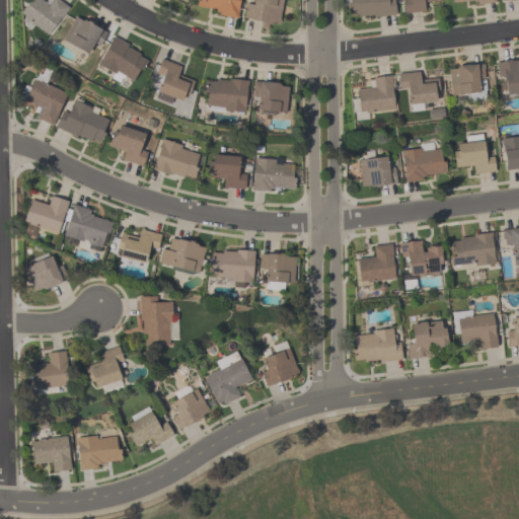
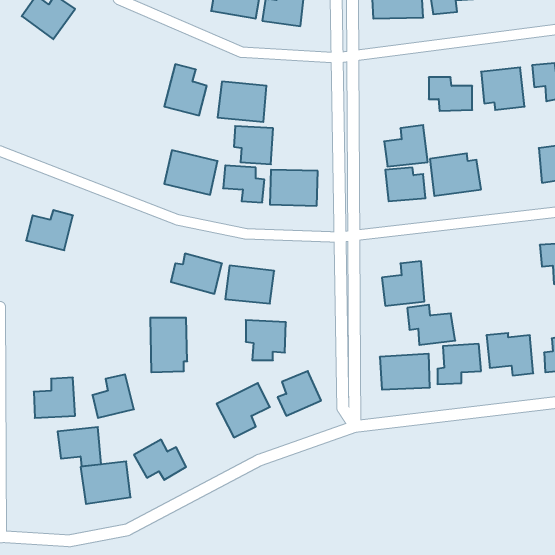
building: [64,15,108,58] -> none
building: [97,35,152,83] -> none
building: [357,75,397,114] -> [384,125,428,166]
building: [24,78,68,126] -> none
building: [253,81,290,117] -> [234,126,273,164]
building: [58,97,114,147] -> none
building: [109,124,151,166] -> none
building: [454,135,498,174] -> none
building: [63,204,117,251] -> none
building: [118,229,162,264] -> none
building: [450,233,496,269] -> none
building: [400,239,445,277] -> [407,305,455,345]
building: [261,252,298,290] -> [246,320,286,360]
building: [26,255,66,291] -> none
building: [166,383,212,430] -> none
building: [31,436,72,472] -> [58,427,101,466]

